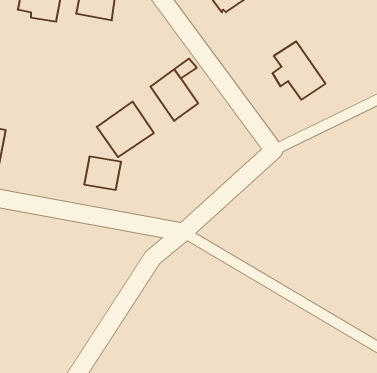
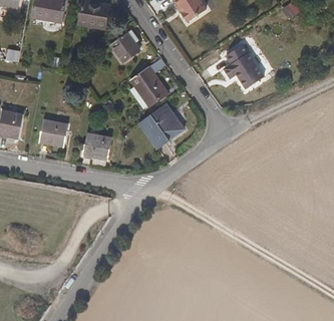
building: none -> [110,29,137,59]
building: [97,102,154,157] -> [139,104,183,146]
building: none -> [37,118,65,142]

